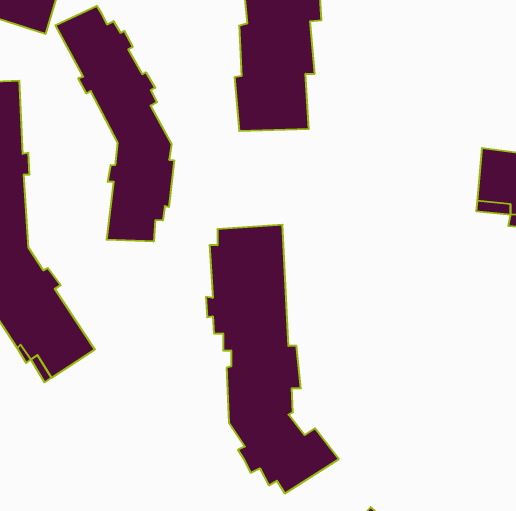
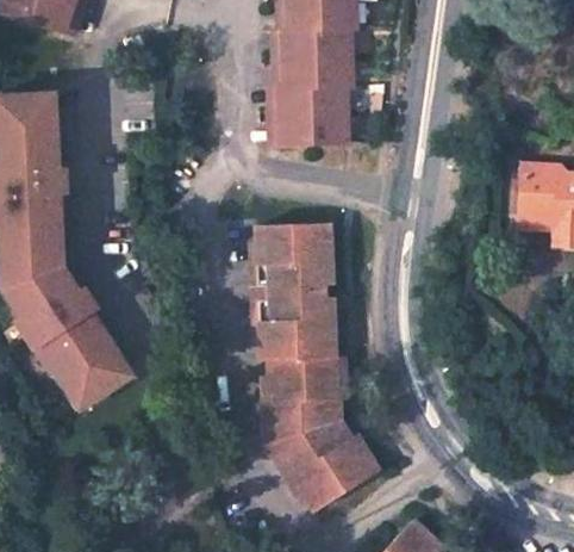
building: [56,6,174,242] -> none

